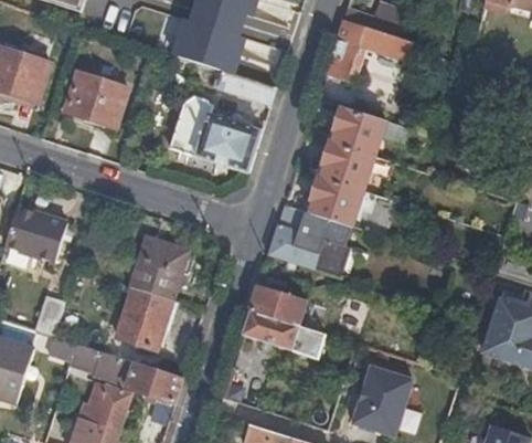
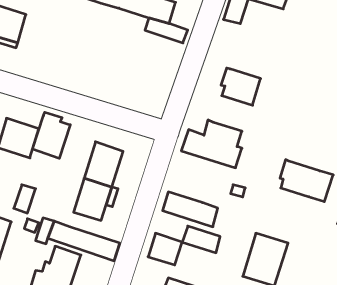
building: [66,71,128,125] -> none
building: [170,98,262,173] -> none
building: [333,105,405,154] -> none
building: [310,175,383,232] -> [280,160,333,202]
building: none -> [33,112,70,158]
building: [249,286,301,323] -> [182,226,220,253]

